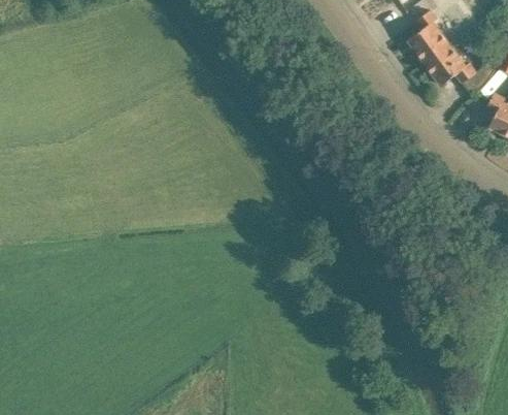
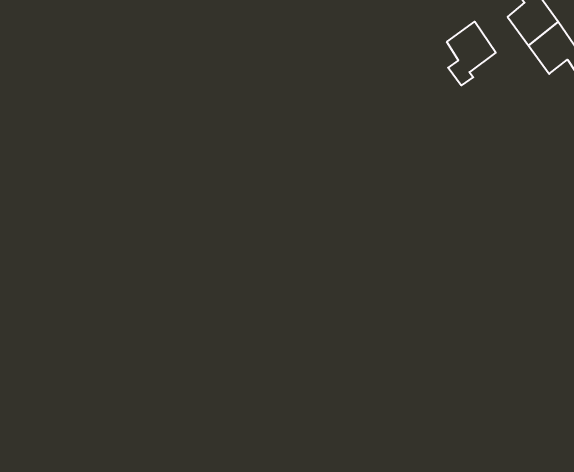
building: none -> [447,22,496,85]

